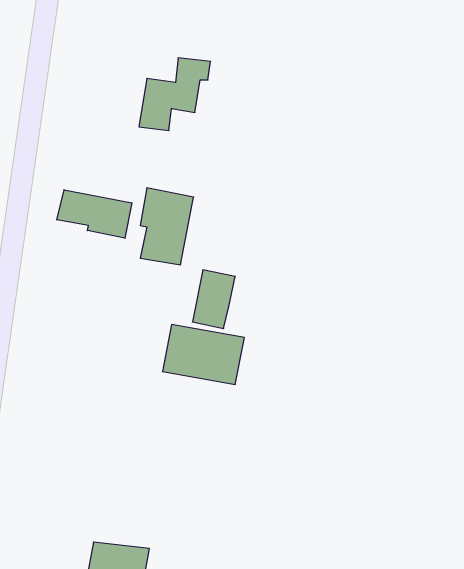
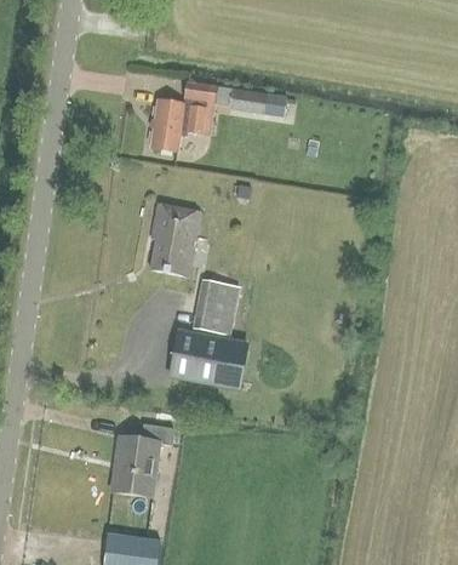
building: none -> [228,89,267,113]
building: [57,190,132,238] -> none
building: none -> [110,423,174,497]

